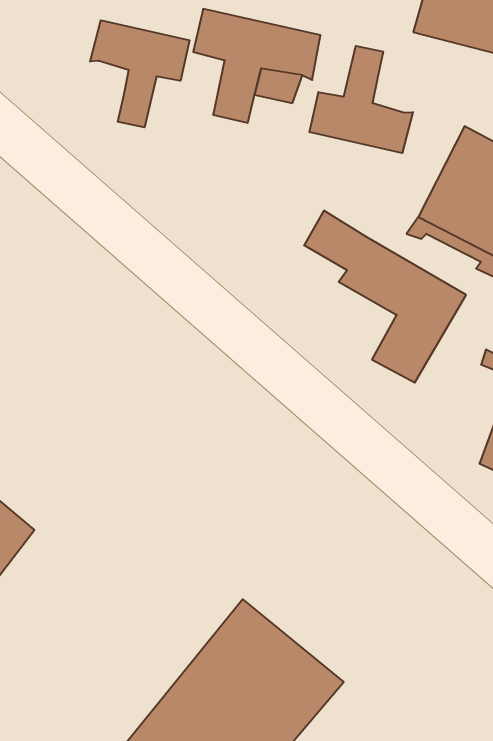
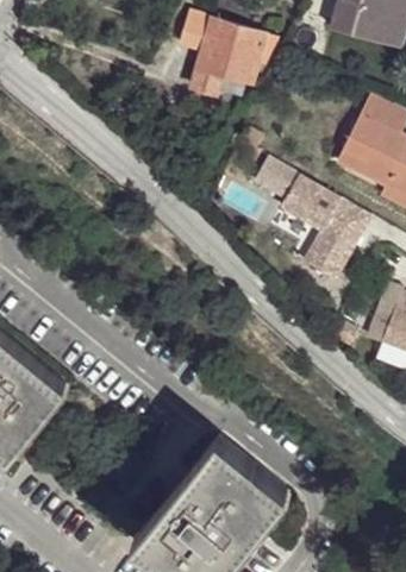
building: [90,20,190,127] -> none
building: [310,46,413,153] -> none

